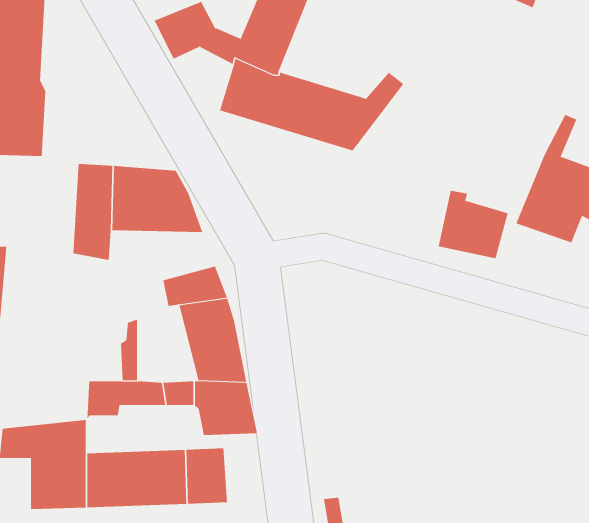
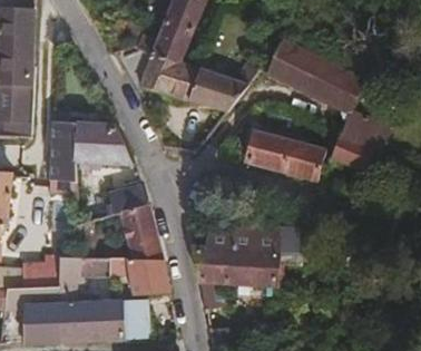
building: none -> [267,42,365,116]
building: none -> [246,134,288,174]
building: none -> [196,227,285,311]

